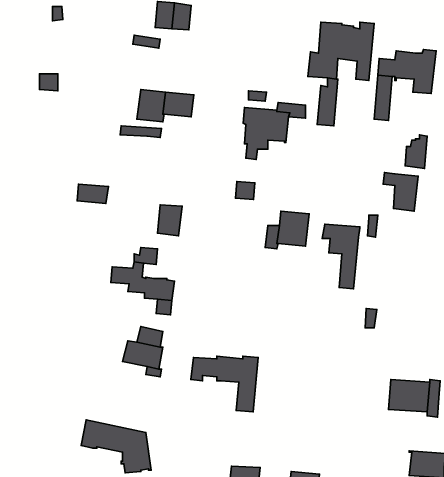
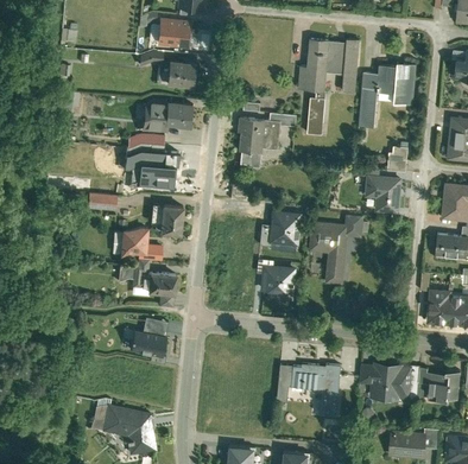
building: none -> [167,63,197,85]
building: none -> [124,148,178,189]
building: none -> [120,227,146,253]
building: none -> [261,268,293,300]
building: [191,356,258,412] -> [278,364,340,415]

